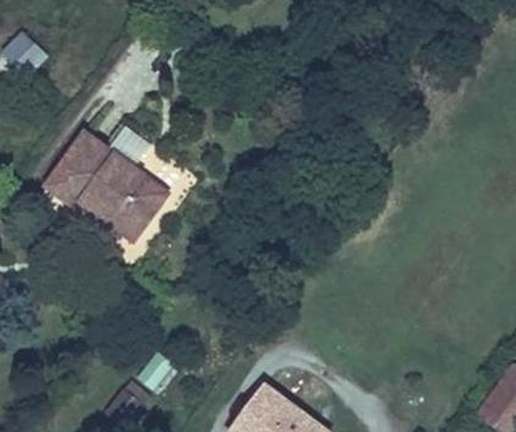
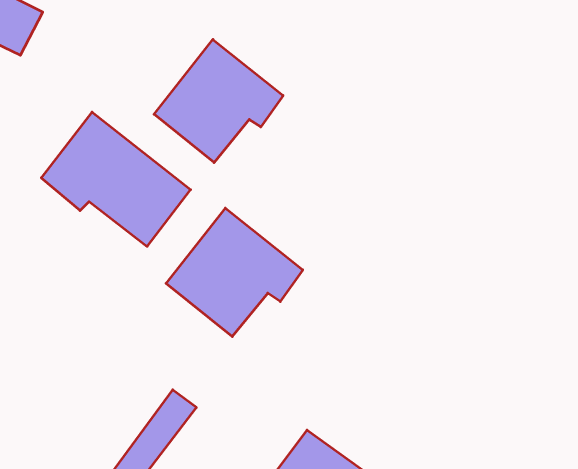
building: none -> [154,39,283,163]
building: none -> [166,208,303,337]

